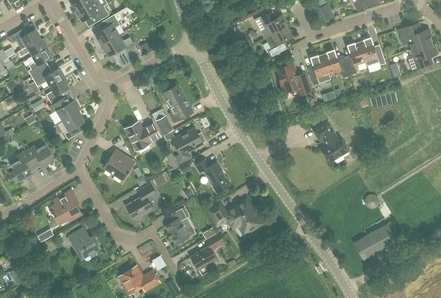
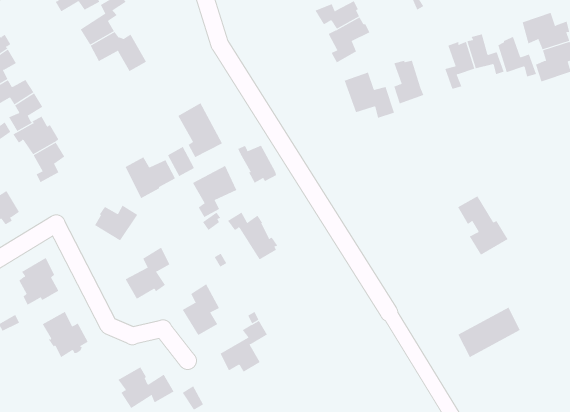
building: [322,49,349,77] -> [497,36,537,77]
building: none -> [237,145,277,183]
building: [312,120,347,161] -> [457,196,508,255]
building: [207,199,261,235] -> none

